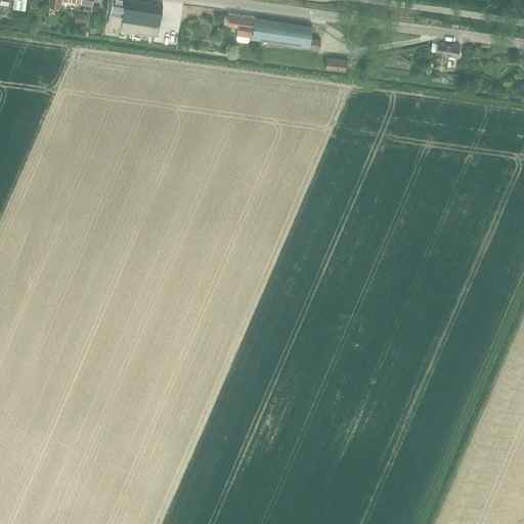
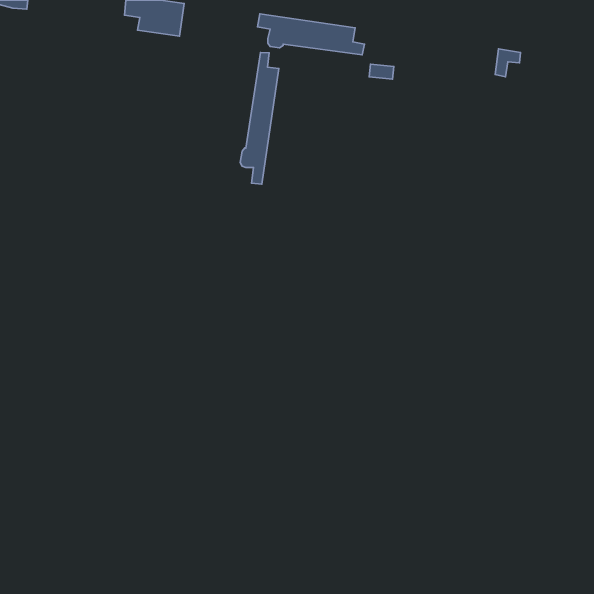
building: none -> [240,53,279,184]

